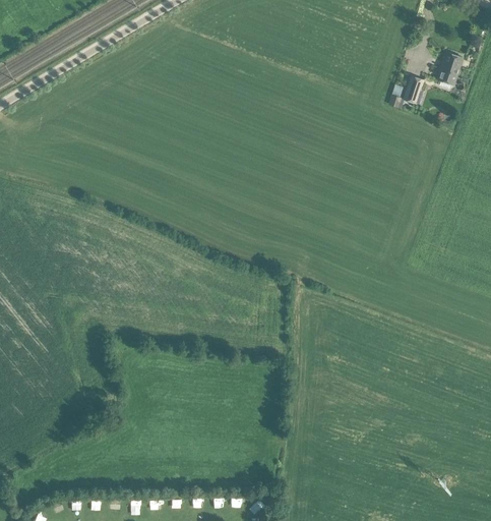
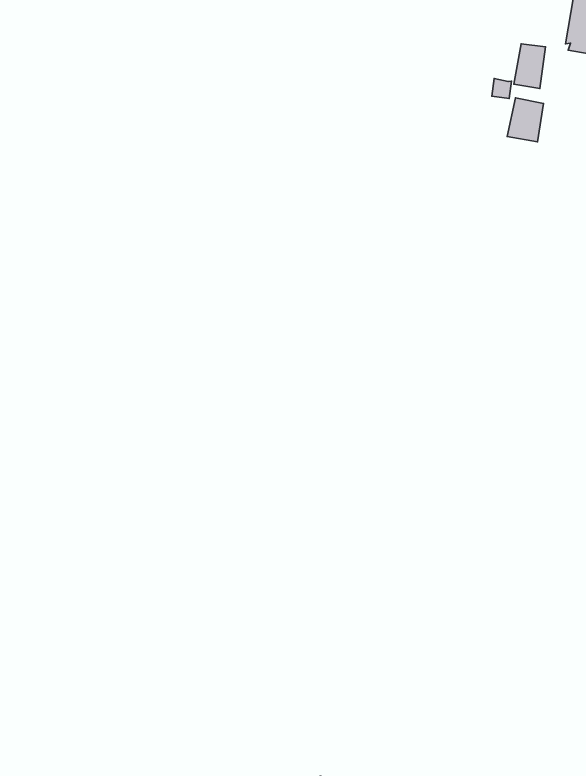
building: none -> [507,98,544,142]

